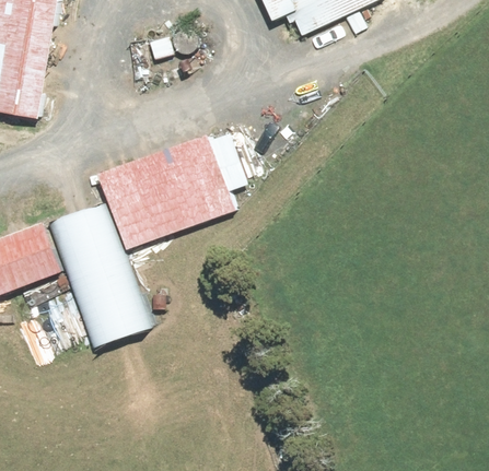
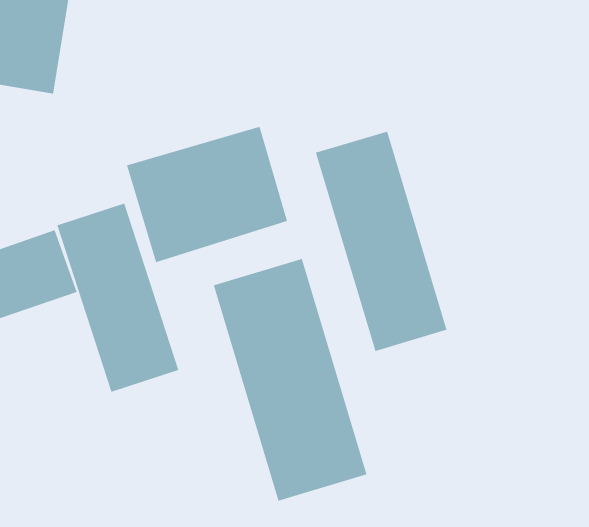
building: none -> [315,131,447,352]
building: none -> [213,258,367,501]

